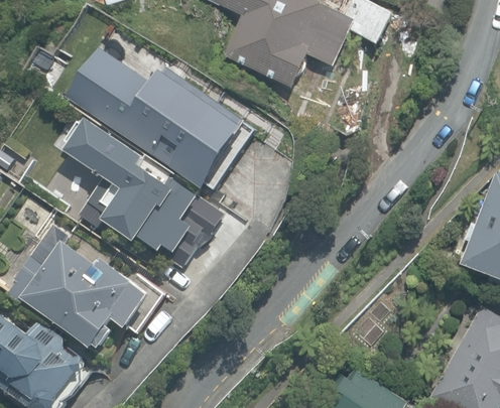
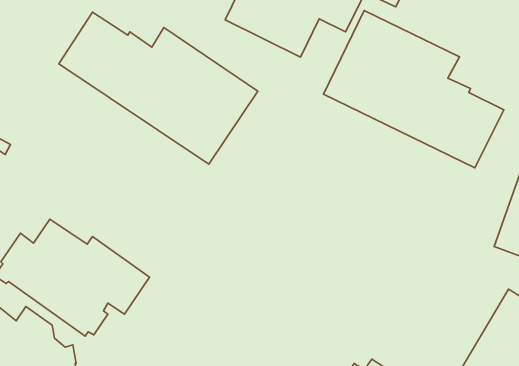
building: none -> [323,11,504,168]
building: [64,117,223,270] -> none

